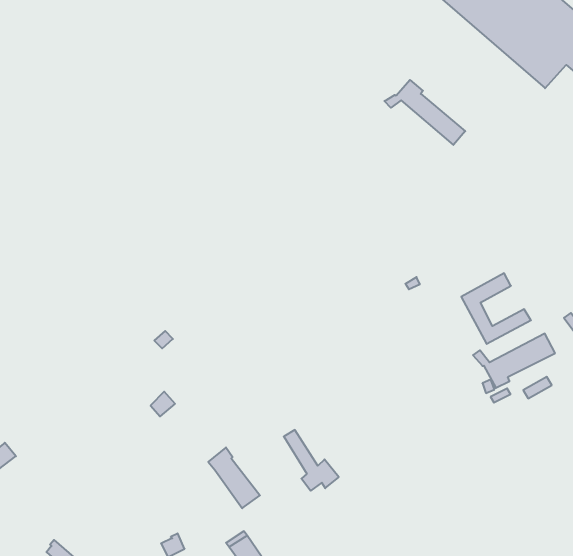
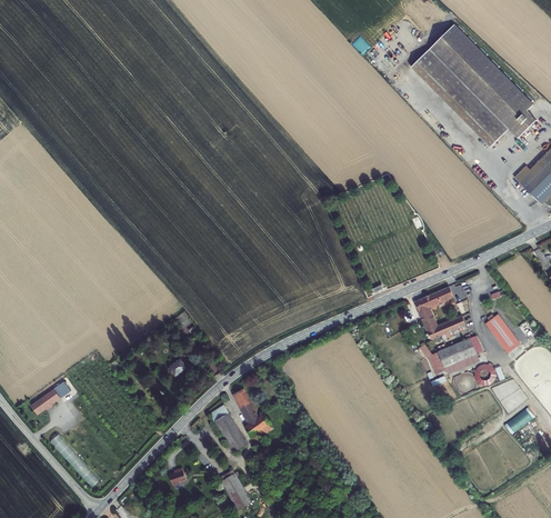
building: [384,80,465,145] -> none
building: [284,430,339,491] -> [234,389,274,437]

